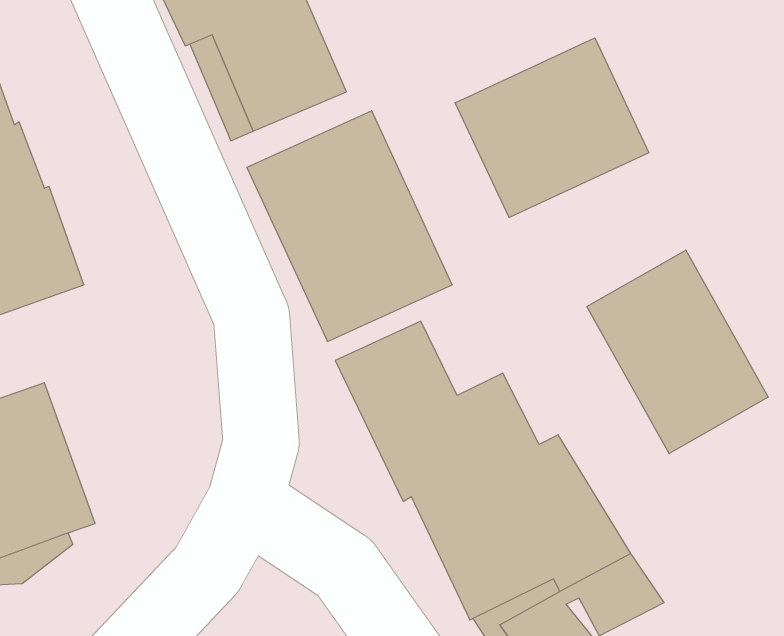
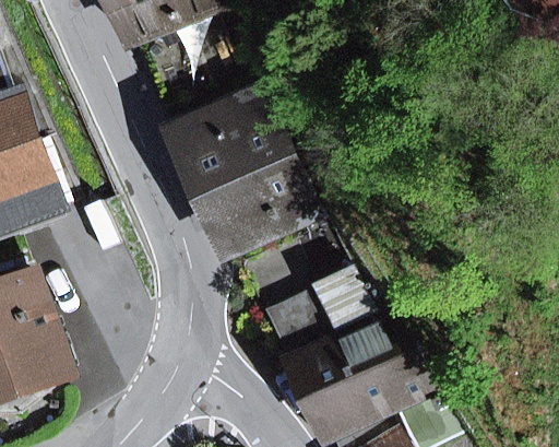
building: [455,38,649,218] -> none
building: [587,250,768,454] -> none

